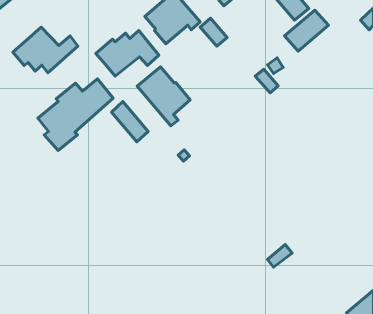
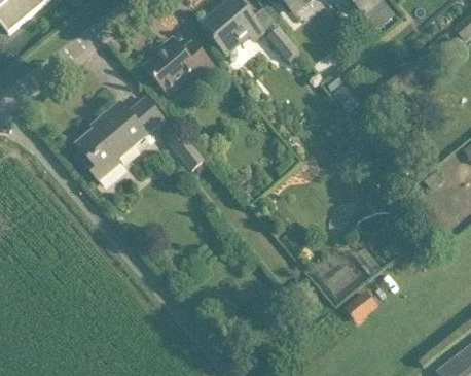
building: [285,10,328,51] -> none
building: [13,27,78,73] -> none
building: [137,67,190,126] -> none

